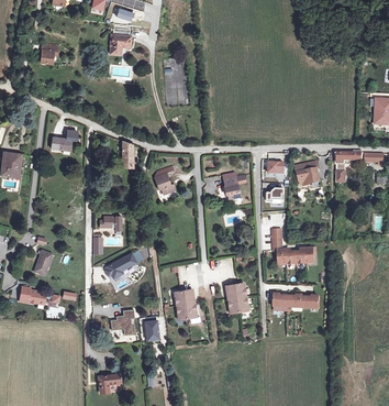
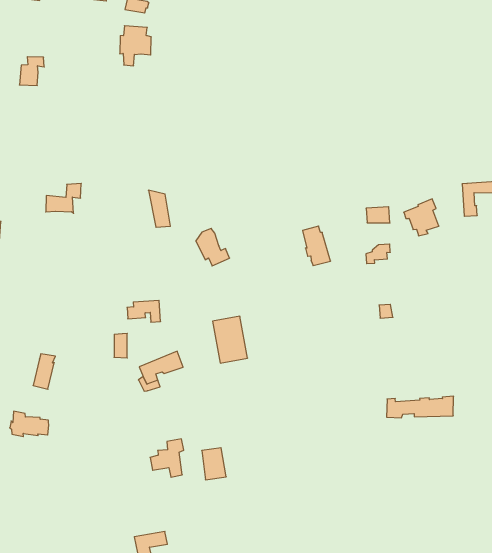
building: [274,240,314,264] -> none
building: [226,282,248,312] -> none
building: [175,287,197,318] -> [213,316,248,363]

